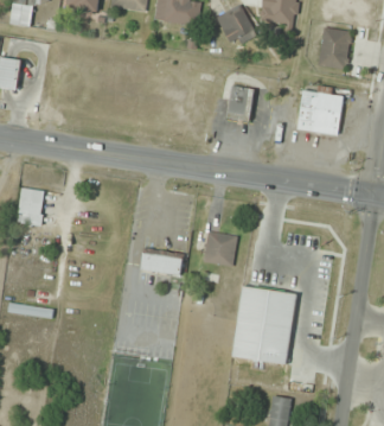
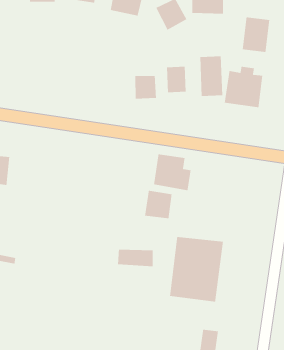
building: none -> [199,55,223,97]
building: none -> [134,75,157,100]
building: none -> [153,154,191,191]
building: [140,253,183,274] -> [117,249,153,267]

